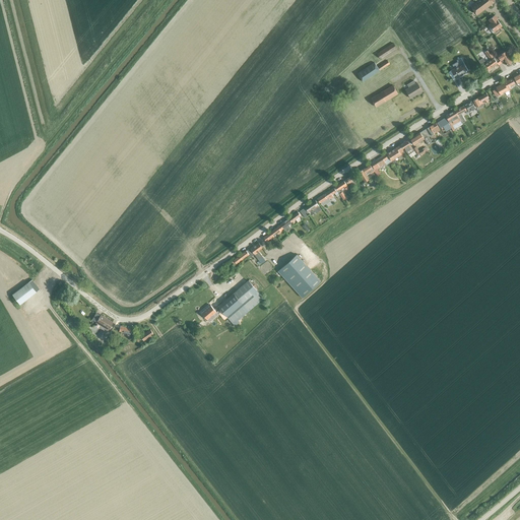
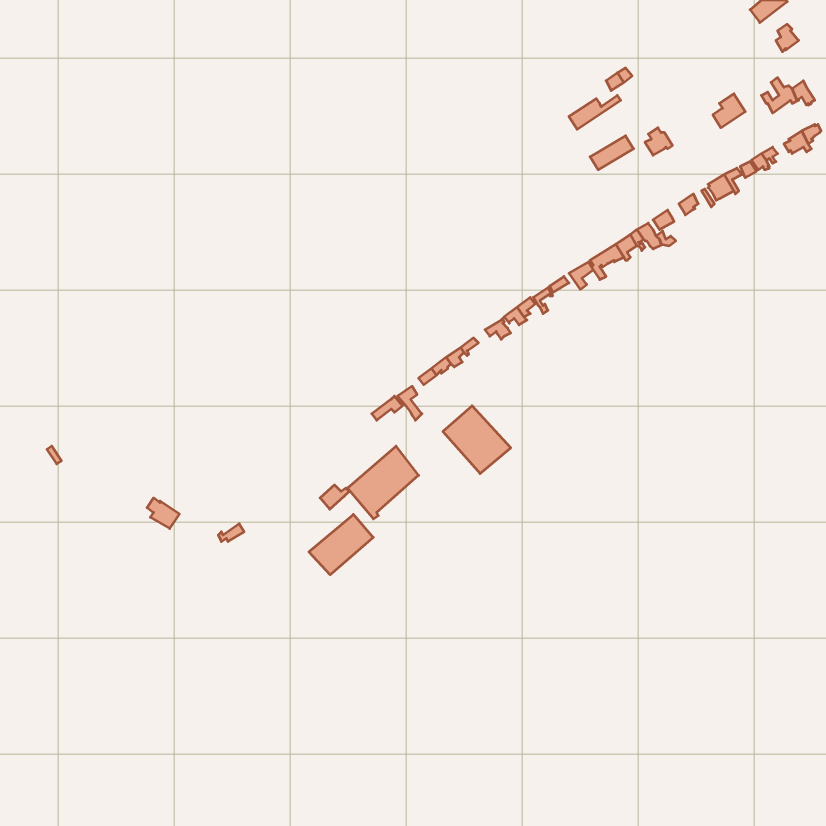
building: none -> [309,514,373,575]

